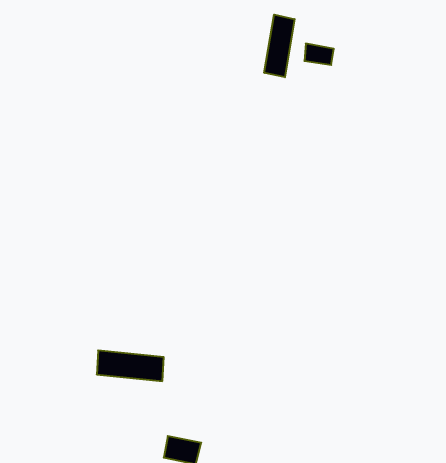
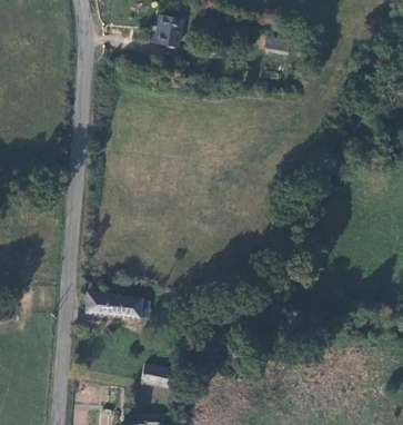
building: [264,15,295,77] -> none
building: none -> [151,16,178,48]

